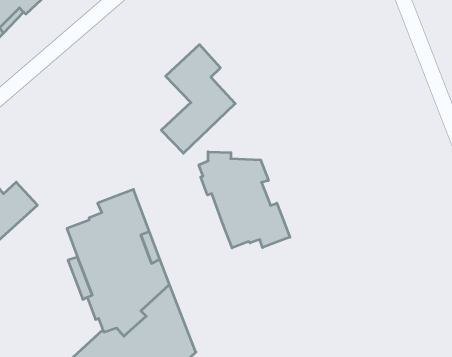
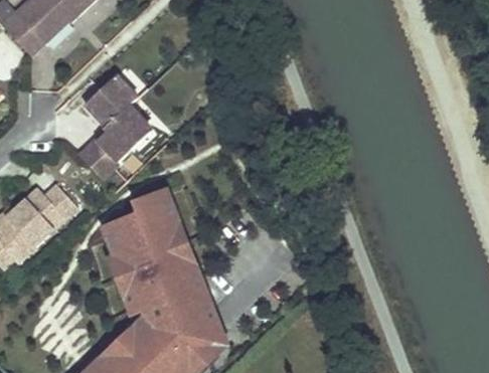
building: [161,45,235,153] -> [77,74,148,178]
building: [199,152,290,248] -> none

